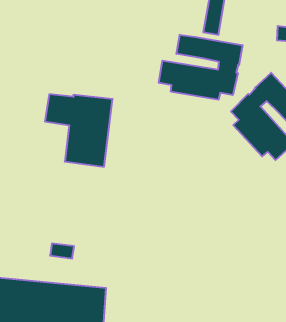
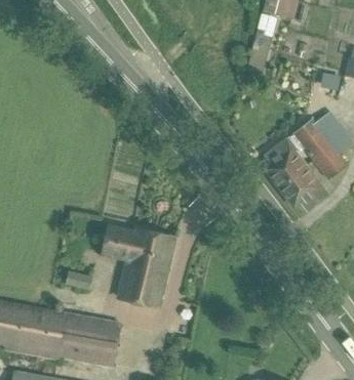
building: [159,35,242,100] -> none
building: [45,94,113,167] -> [102,226,173,306]

